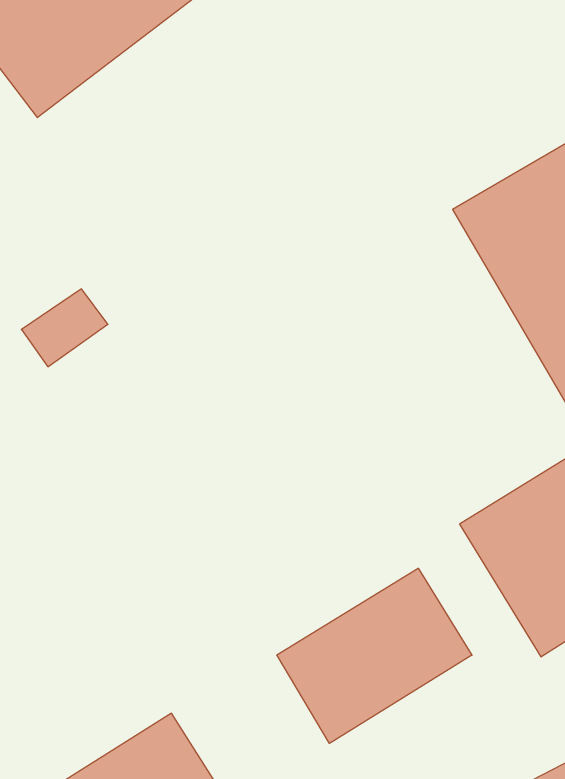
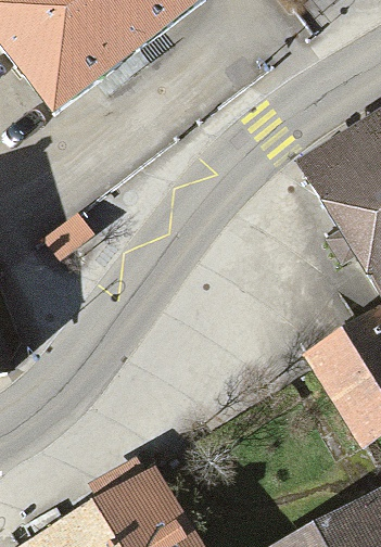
building: [277,568,472,743] -> none

